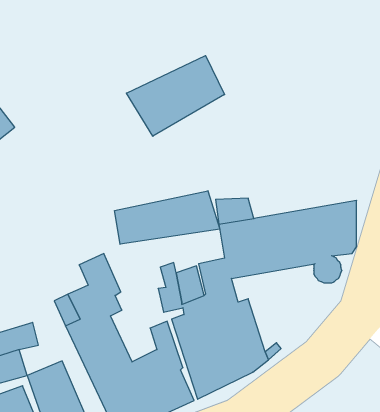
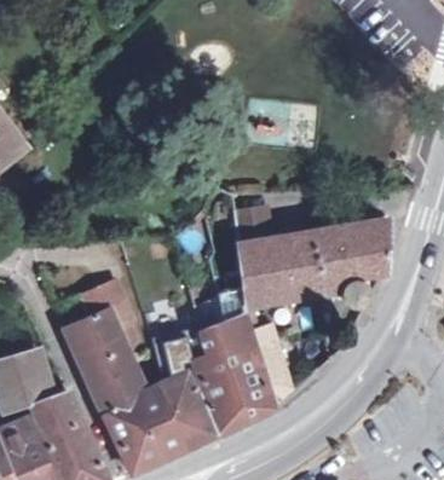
building: [126,56,225,136] -> none
building: [115,191,220,244] -> none

